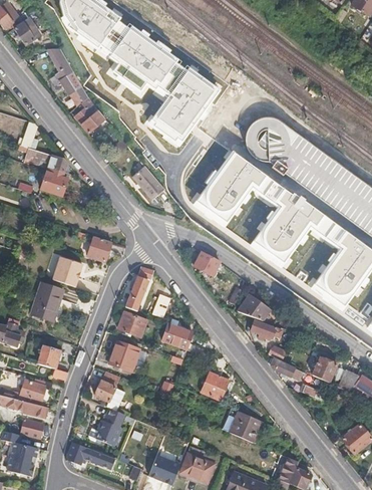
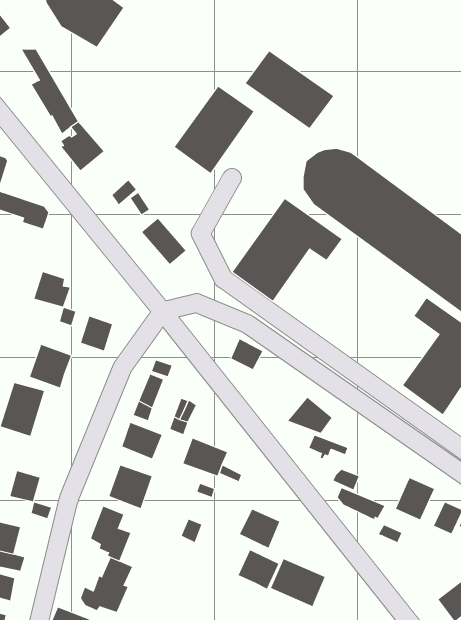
building: [112,30,175,85] -> [245,51,334,129]
building: [40,170,66,195] -> [34,272,70,307]
building: [254,182,333,262] -> none
building: none -> [238,549,279,590]

